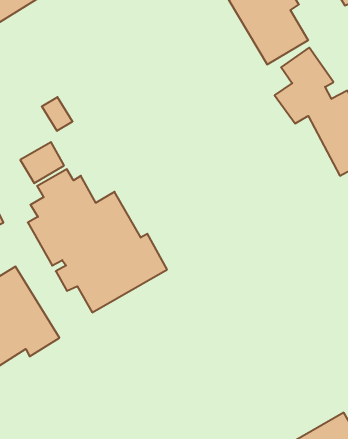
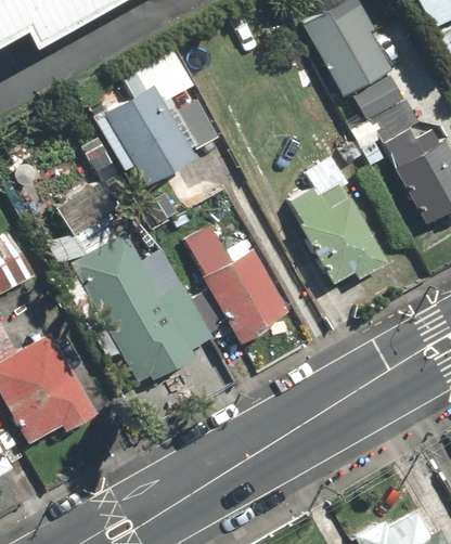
building: none -> [99,47,221,187]
building: none -> [288,180,388,284]
building: none -> [184,221,292,345]

